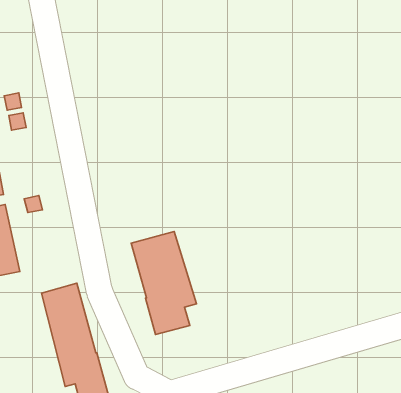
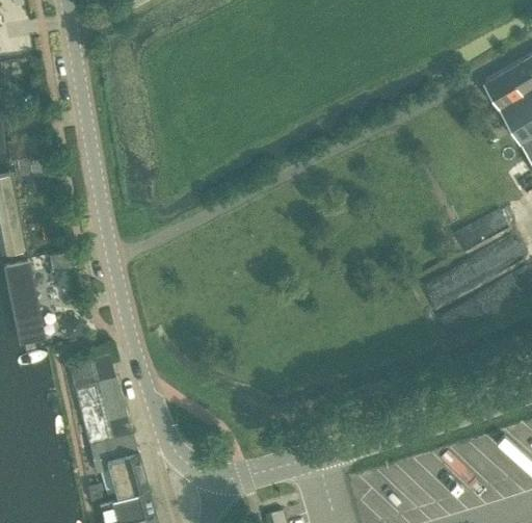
building: [131,232,197,335] -> none

